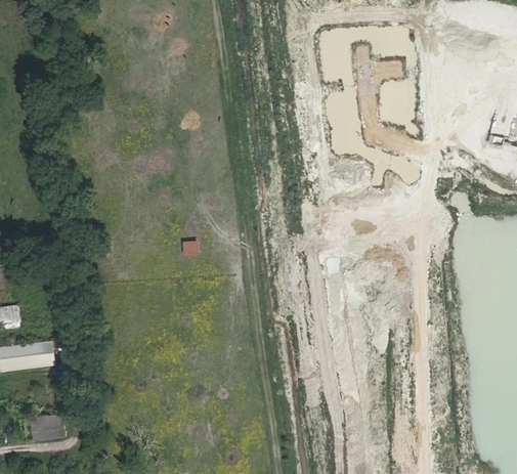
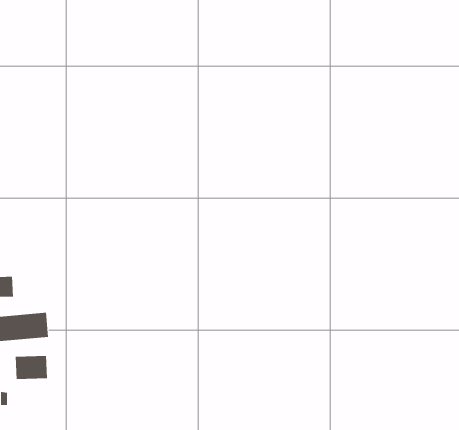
building: [29,415,62,439] -> [15,356,48,380]

